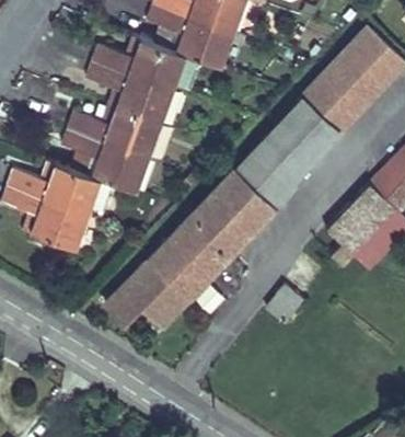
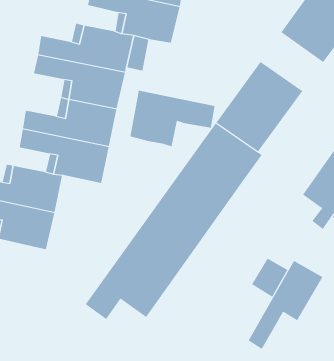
building: [303,71,363,130] -> none
building: none -> [130,90,215,147]
building: none -> [248,260,323,350]

